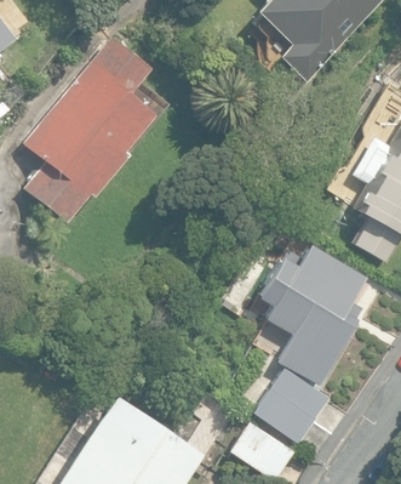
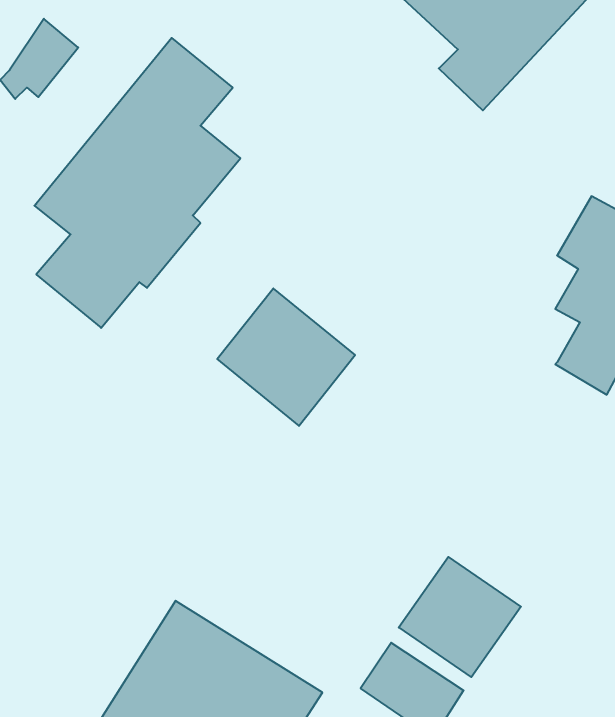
building: none -> [217,288,355,426]
building: [258,243,367,385] -> none

